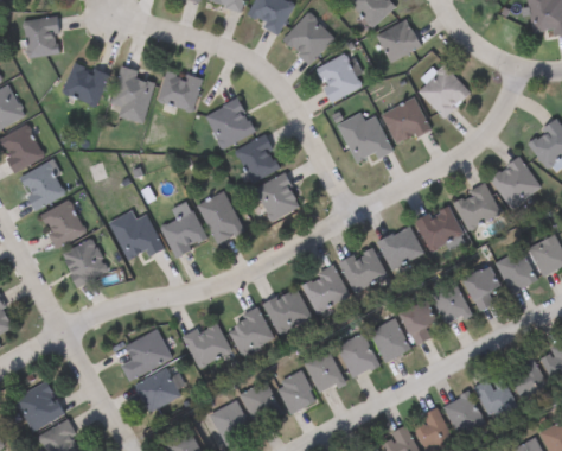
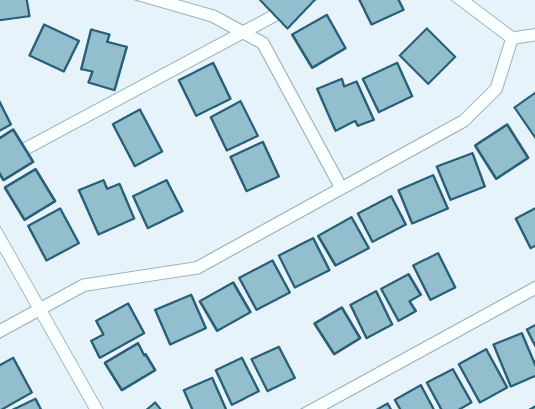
building: [158,69,203,110] -> none
building: [197,190,244,244] -> [113,110,162,166]
building: [496,248,537,293] -> none
building: [462,265,500,311] -> none
building: [304,349,345,394] -> none

